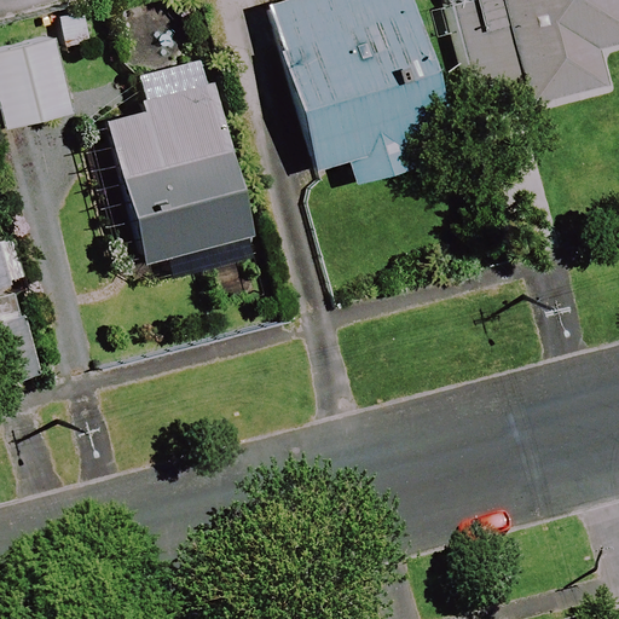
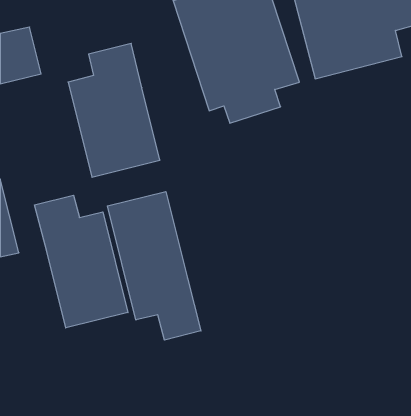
building: none -> [107,192,201,340]
building: none -> [35,195,128,328]

